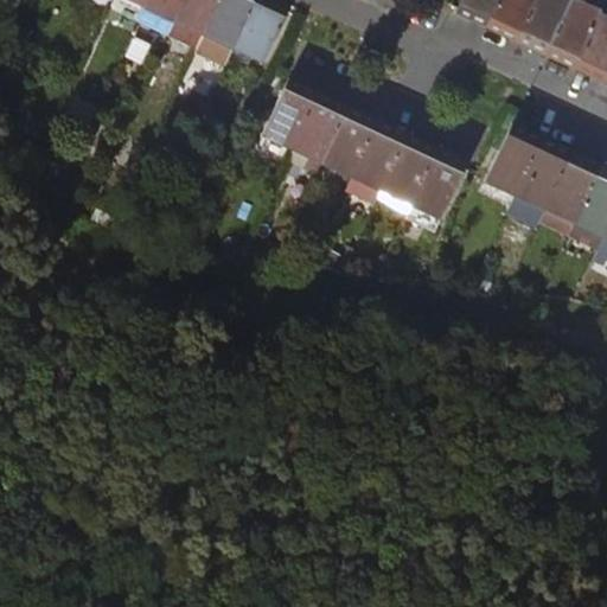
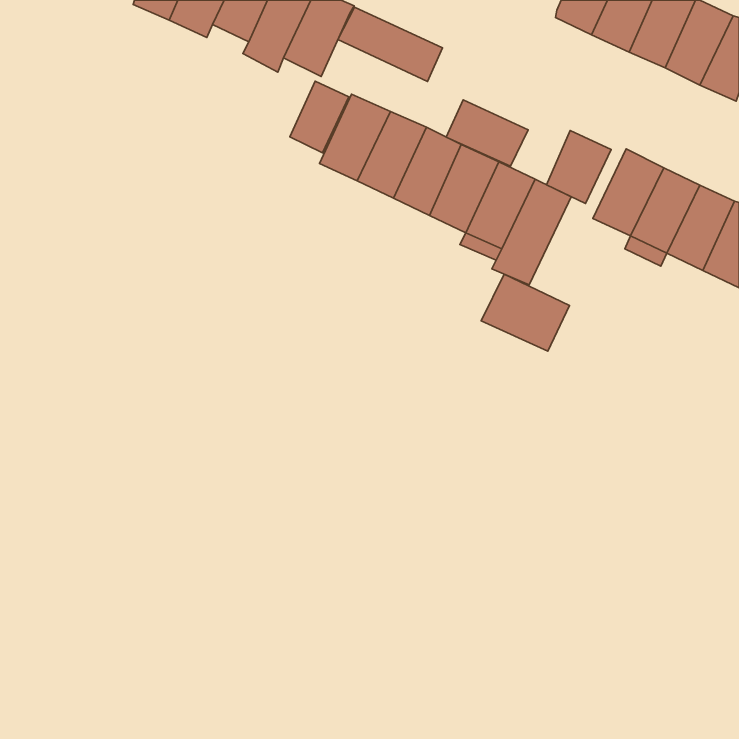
building: none -> [338,7,443,82]
building: none -> [290,81,349,153]
building: none -> [446,100,528,166]
building: none -> [547,130,611,203]
building: none -> [481,274,570,351]

